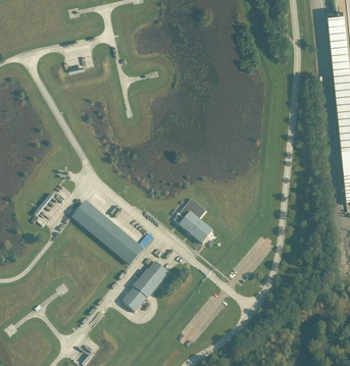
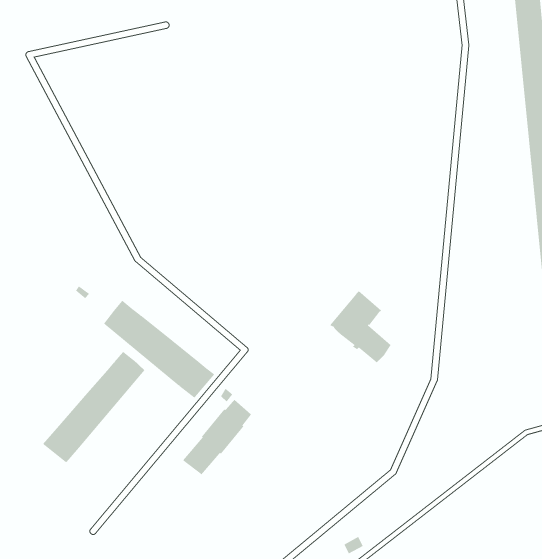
building: [173,197,212,242] -> [329,291,392,363]
building: none -> [42,350,145,464]

